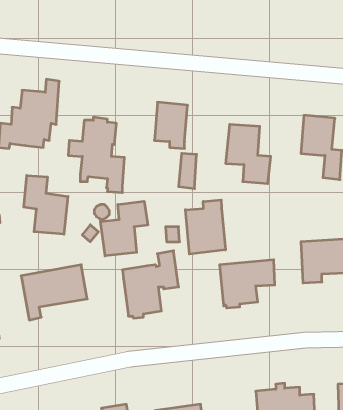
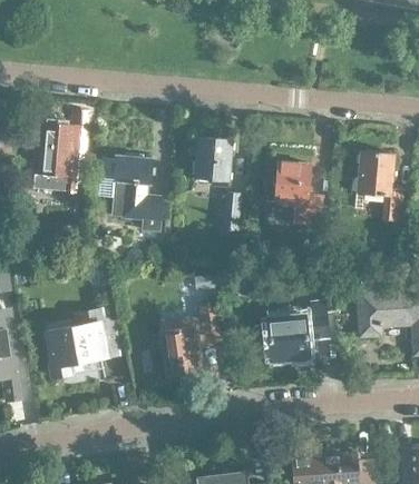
building: [24,175,68,234] -> none
building: [185,200,225,254] -> none
building: [100,201,148,256] -> none

